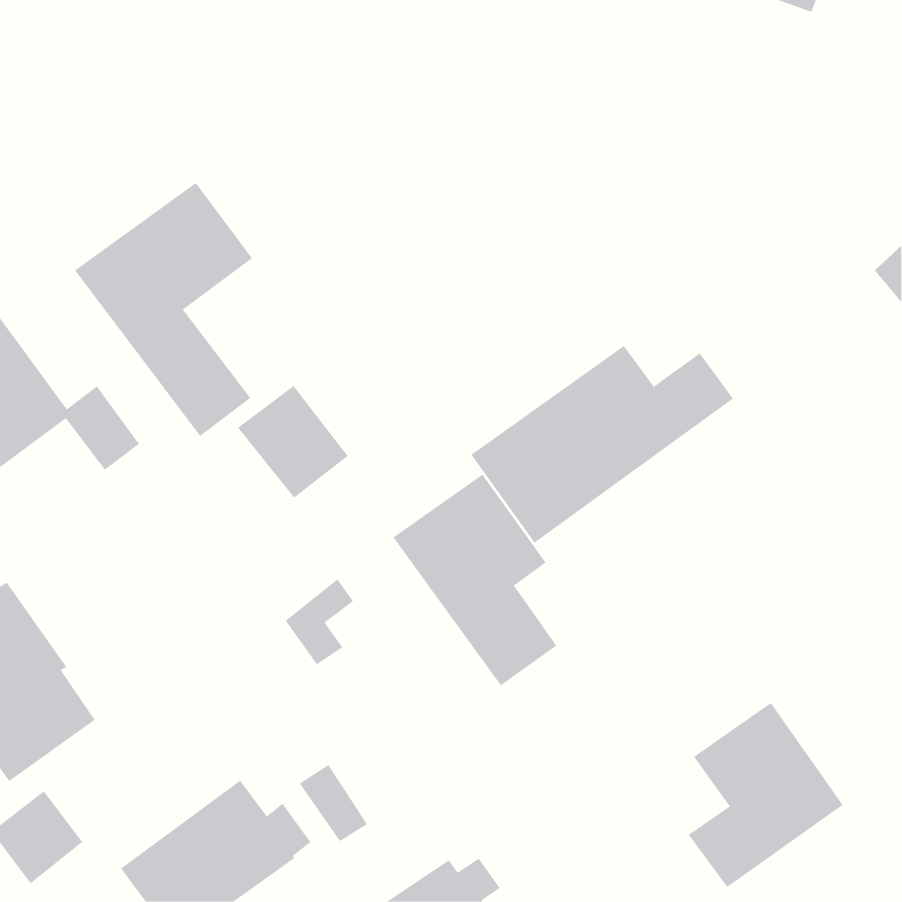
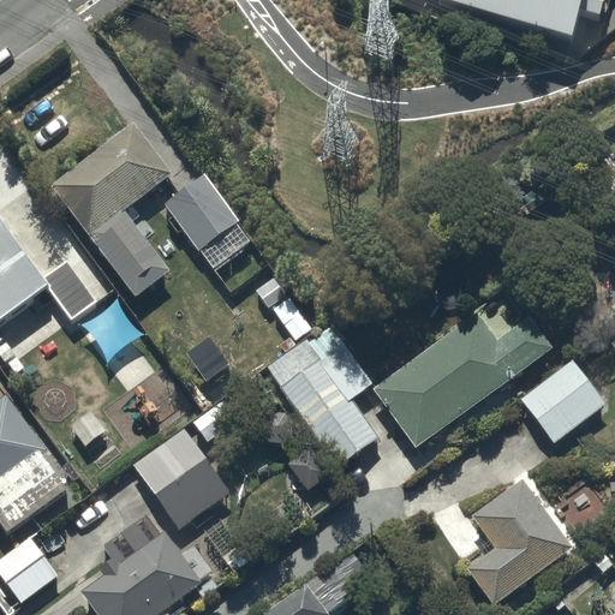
building: [470,345,734,543] -> [374,312,553,447]
building: [237,385,349,498] -> [162,174,238,251]
building: none -> [521,359,605,443]
building: none -> [133,432,220,527]

